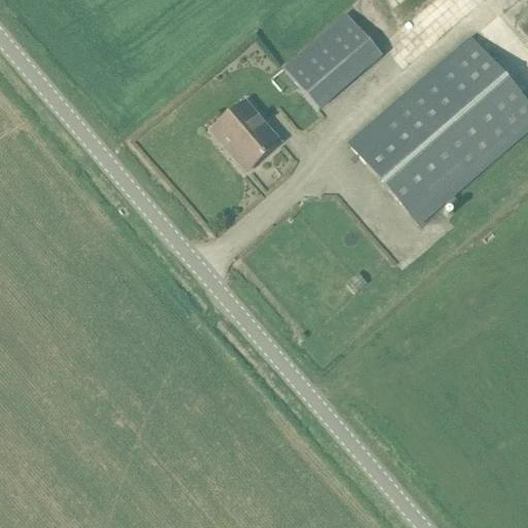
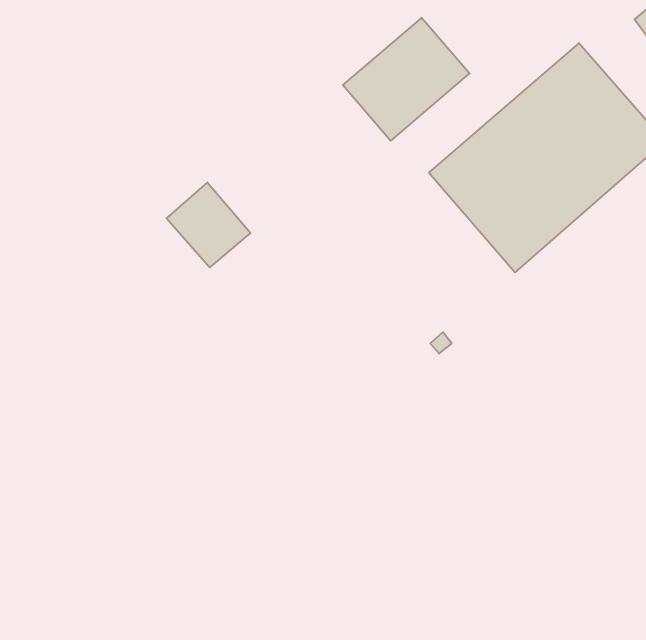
building: [213,98,282,167] -> [167,183,250,267]

